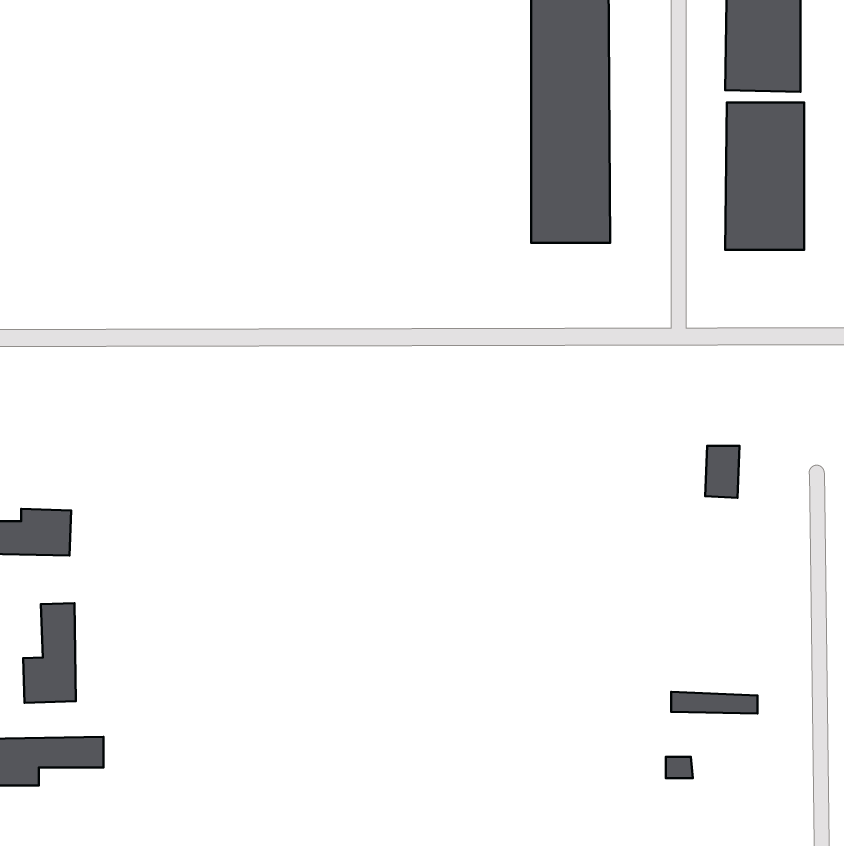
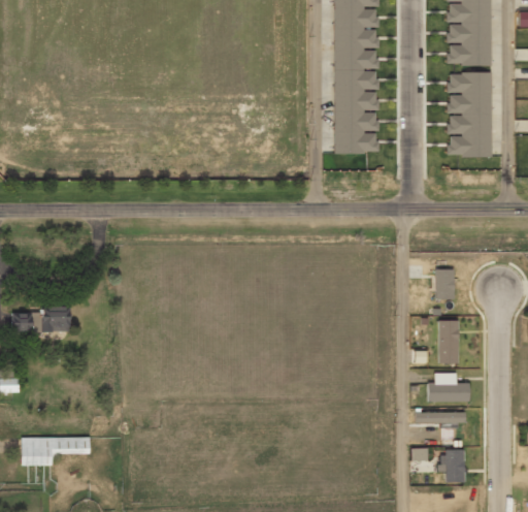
building: none -> [438,321,459,363]
building: [23,603,76,703] -> none
building: none -> [428,373,469,402]
building: none -> [442,450,464,482]

